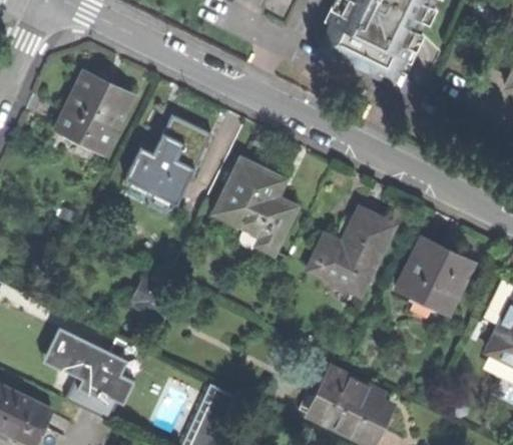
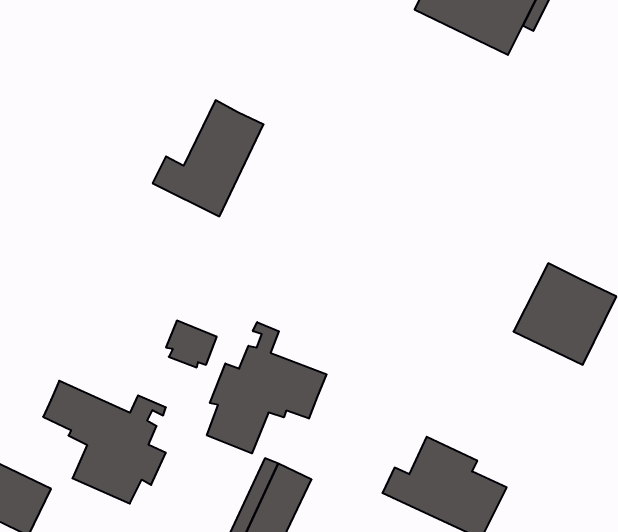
building: [55,72,131,151] -> none
building: [217,161,293,250] -> none
building: [307,207,395,297] -> none
building: none -> [207,322,327,453]

